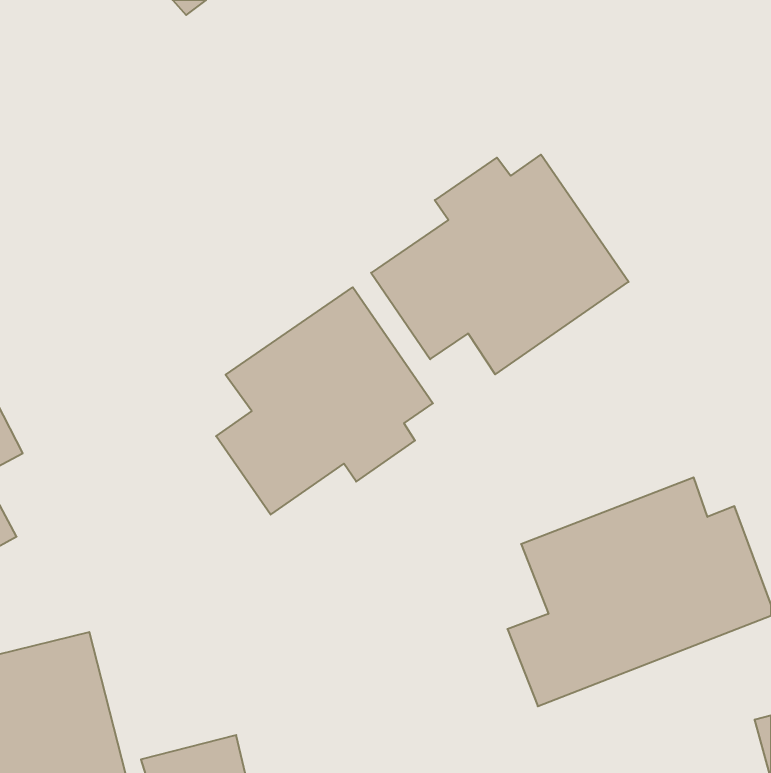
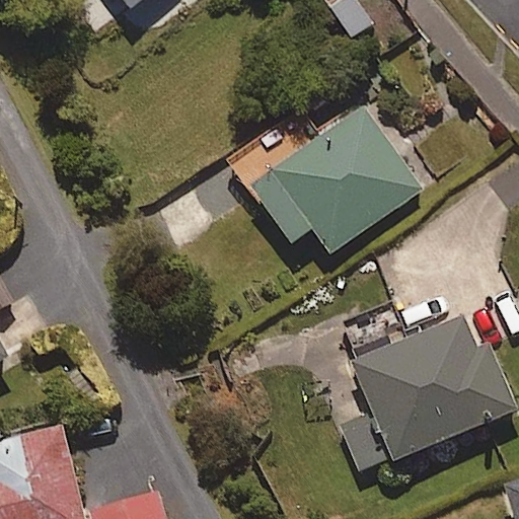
building: [216,287,433,515] -> none

